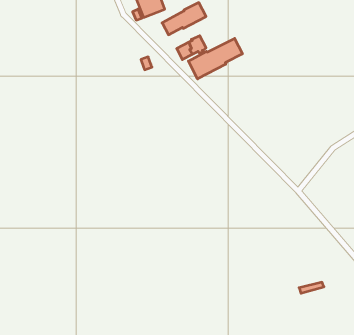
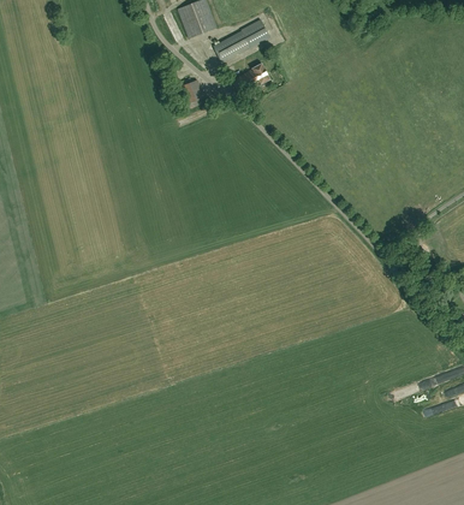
building: [188,38,242,79] -> none

